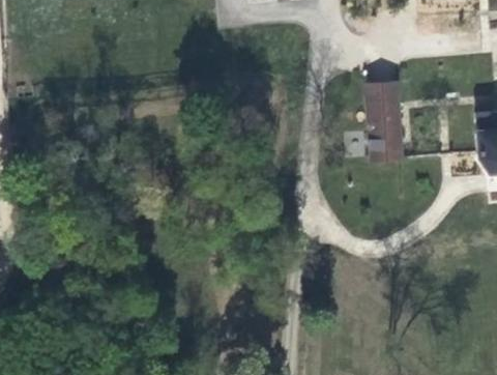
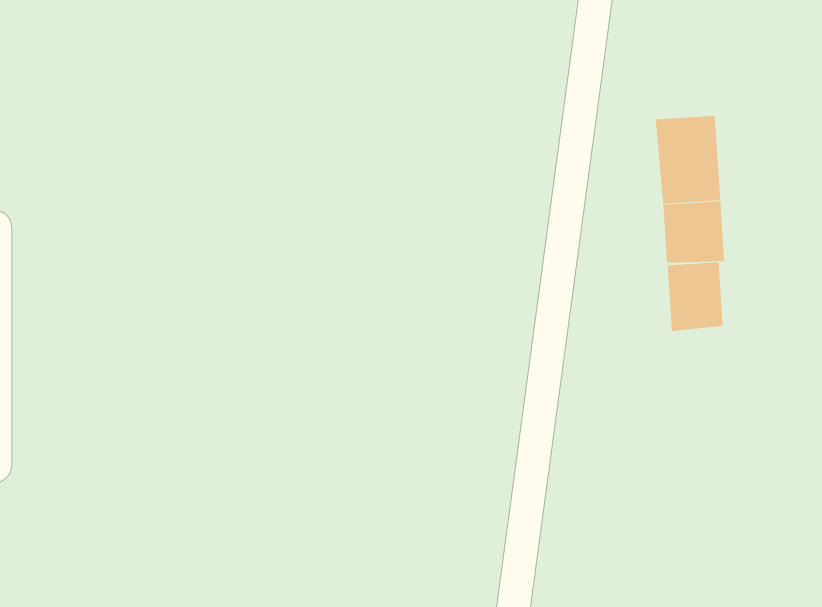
building: none -> [667,262,723,332]

